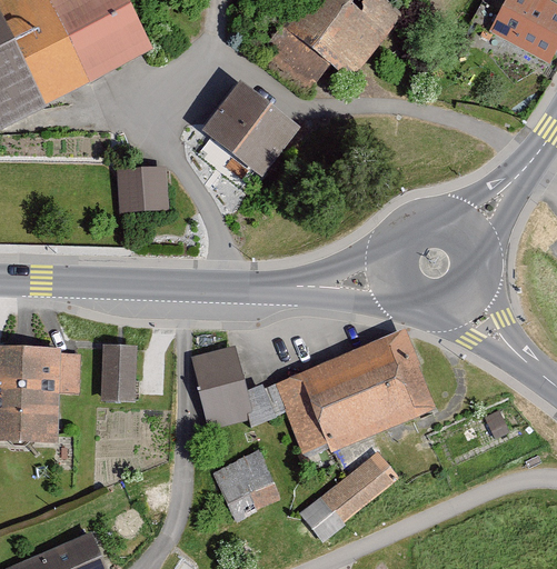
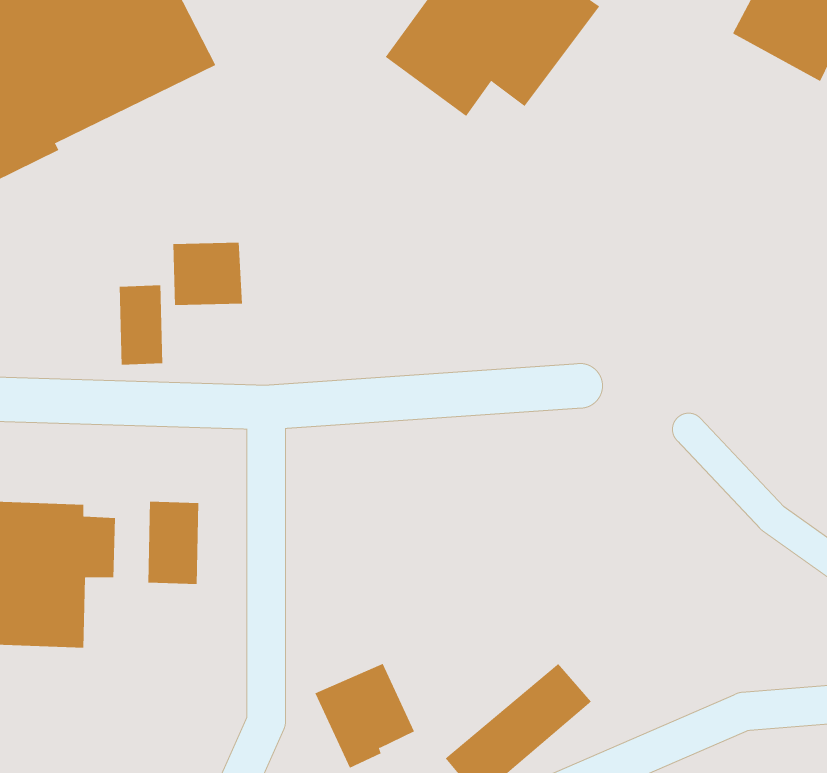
building: [202,88,295,176] -> none
building: none -> [119,284,163,365]
building: [272,328,435,452] -> none
building: [189,343,276,427] -> none

